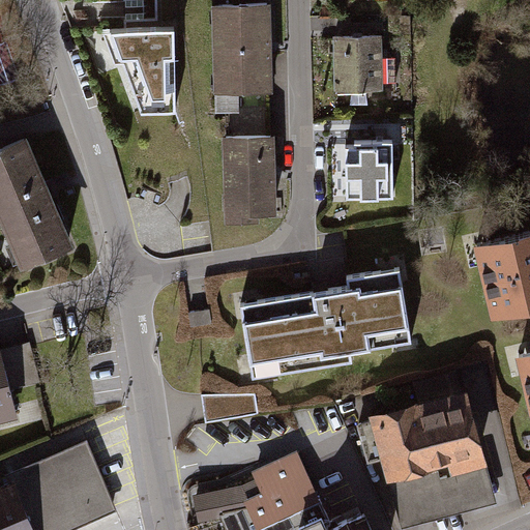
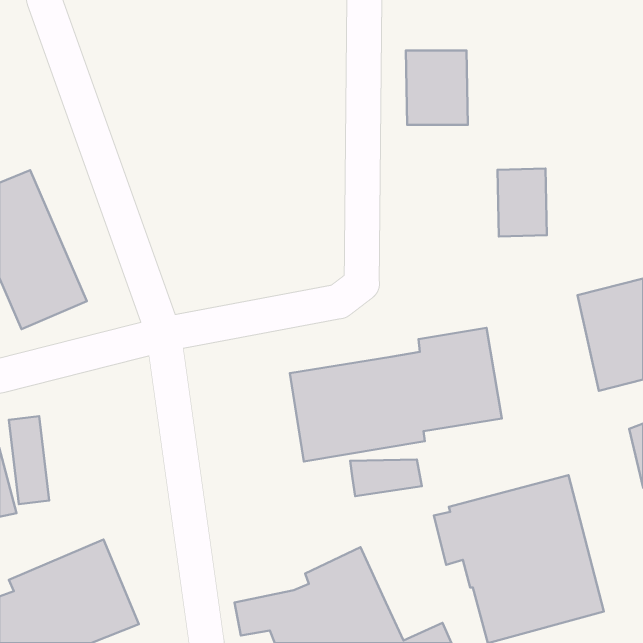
building: [214,7,272,100] -> none
building: [108,26,170,108] -> none
building: [223,142,268,216] -> none
building: [352,146,392,202] -> [498,169,547,237]
building: [200,392,259,422] -> [350,460,422,496]

